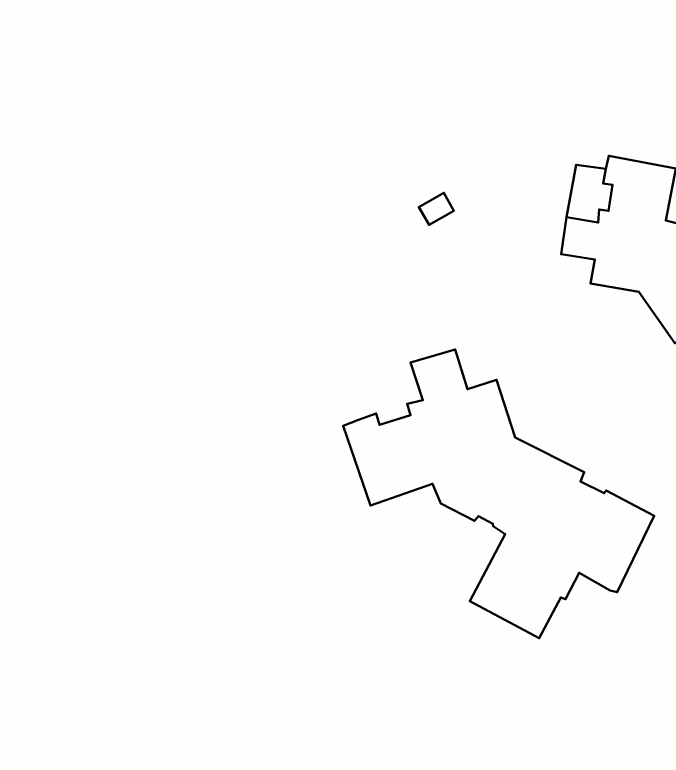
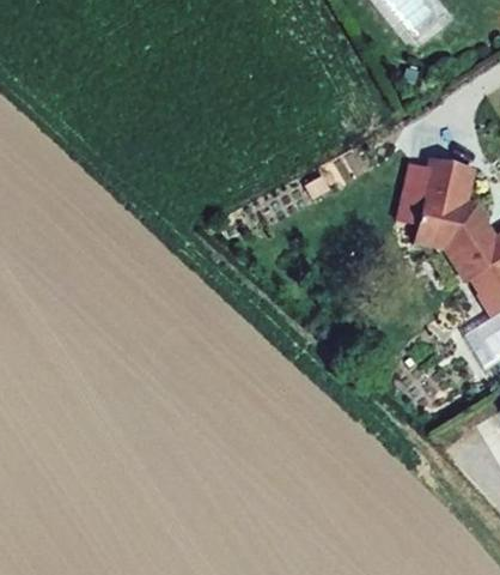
building: [343,349,654,638] -> none

